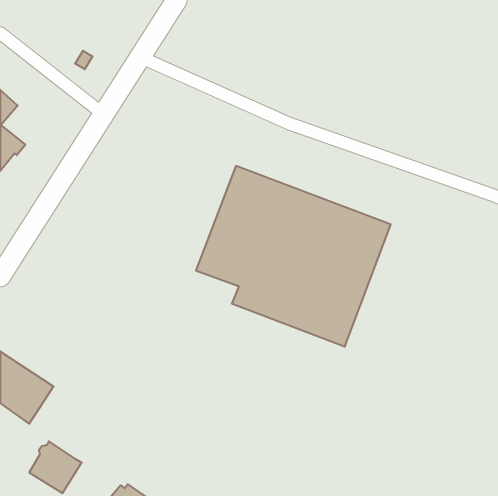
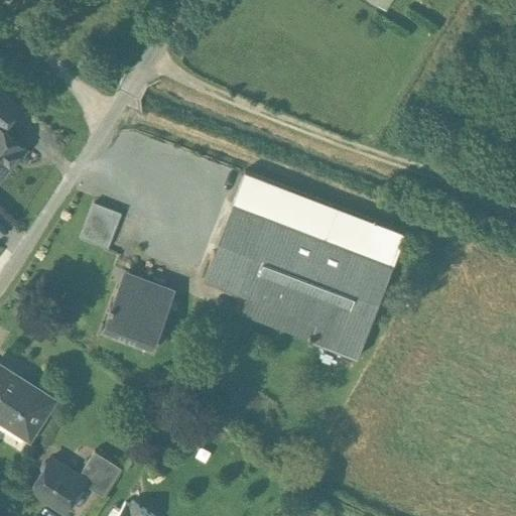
building: none -> [80,206,121,251]
building: none -> [104,276,173,340]
building: none -> [78,452,121,497]

